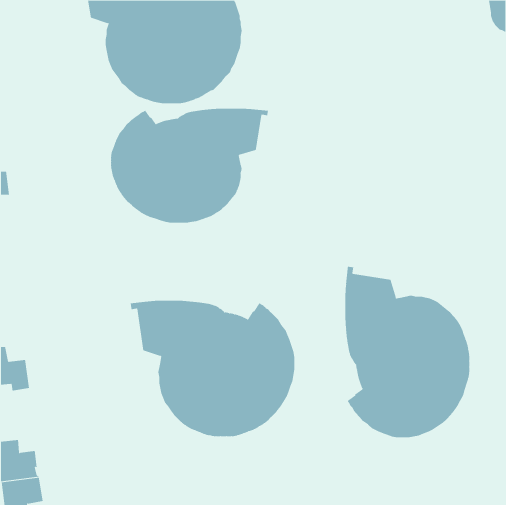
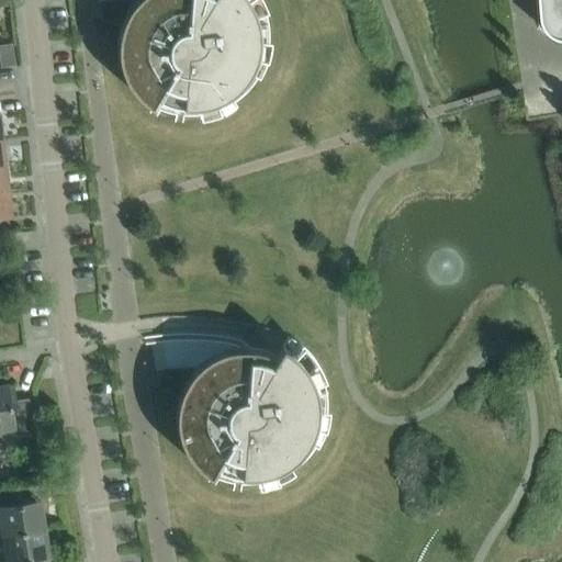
building: [111,108,269,223] -> none
building: [345,266,470,438] -> none

